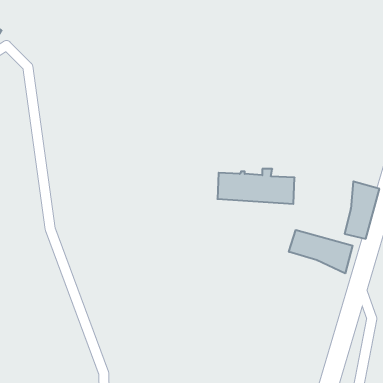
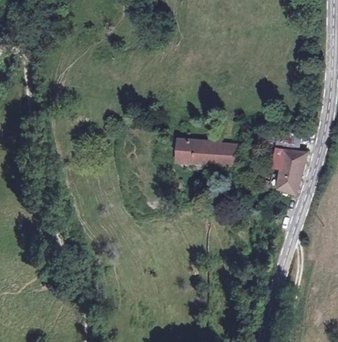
building: [289,230,353,273] -> none

